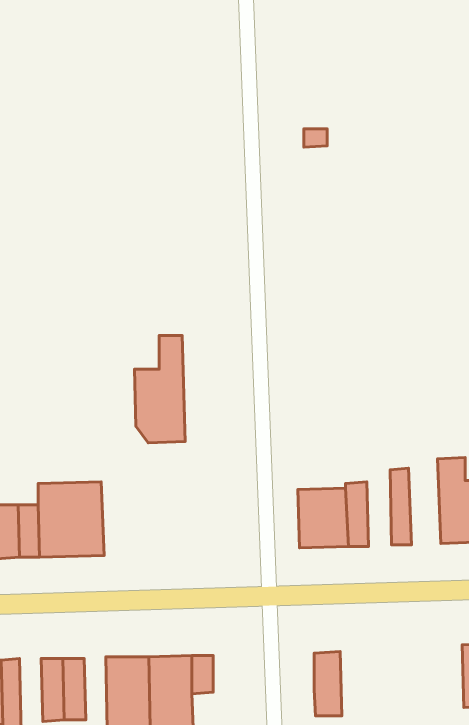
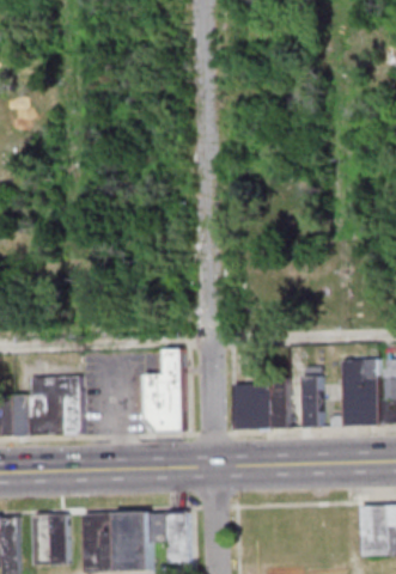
building: [134,335,185,443] -> [145,347,184,430]
building: [314,652,342,716] -> [167,511,189,561]

